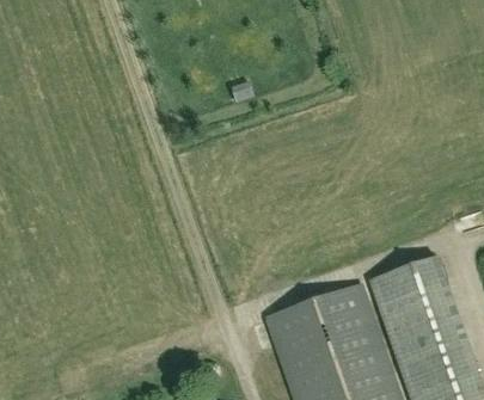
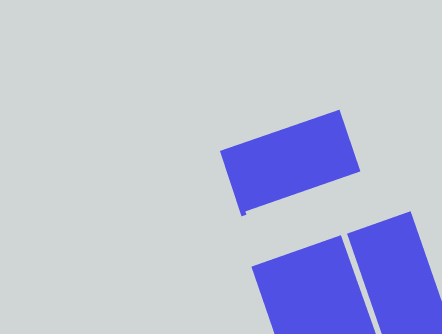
building: none -> [219,109,361,217]

